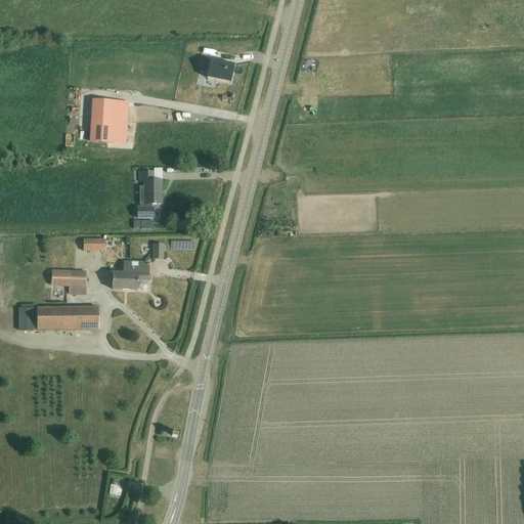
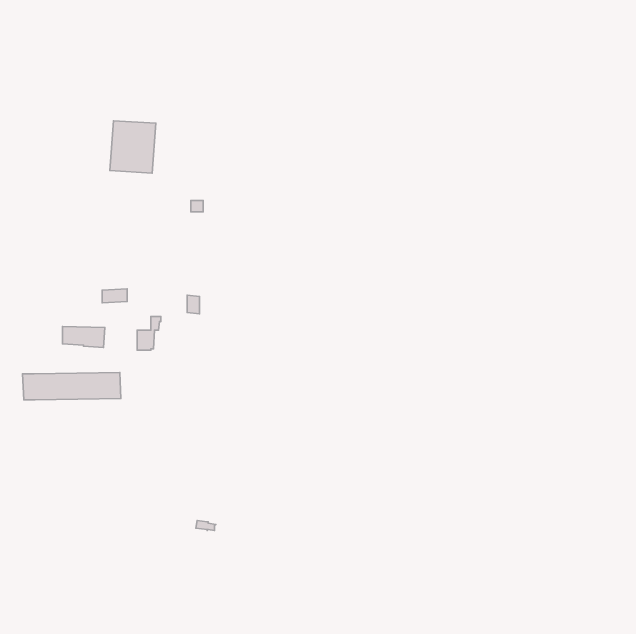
building: [205,58,233,82] -> none
building: [136,171,161,217] -> none
building: [126,260,149,290] -> none

